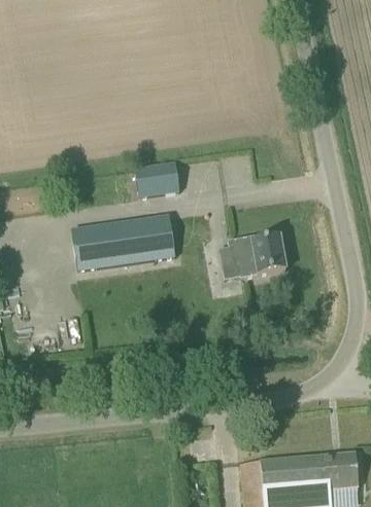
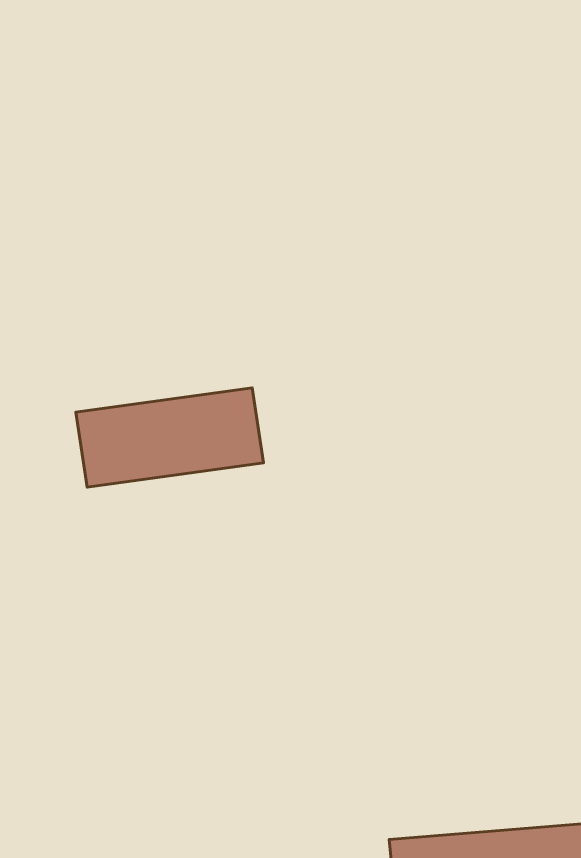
building: [136,164,178,195] -> none
building: [228,233,286,277] -> none

